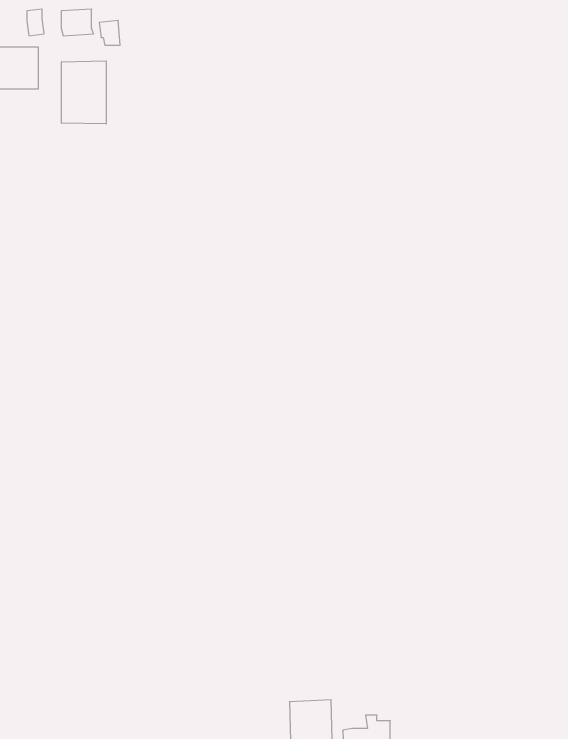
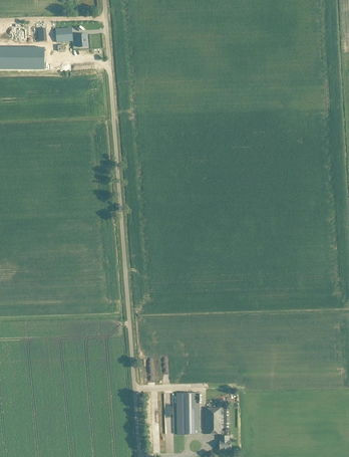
building: [62,61,106,124] -> none

